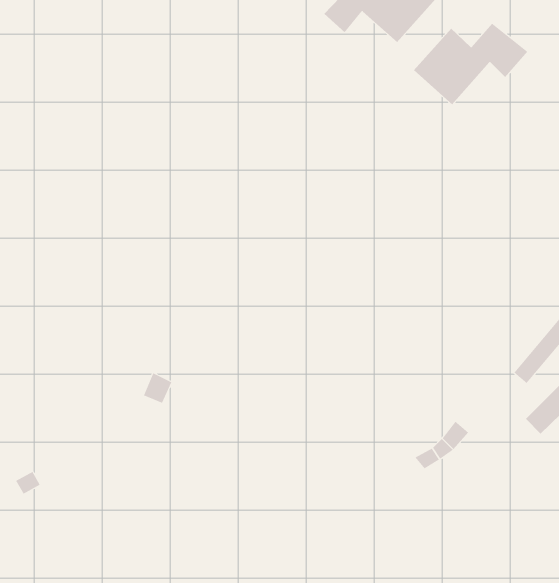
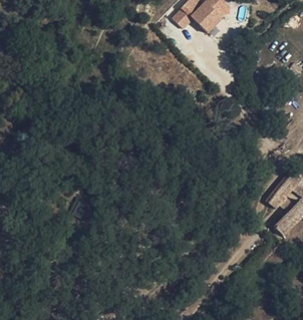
building: [413,23,528,105] -> none

